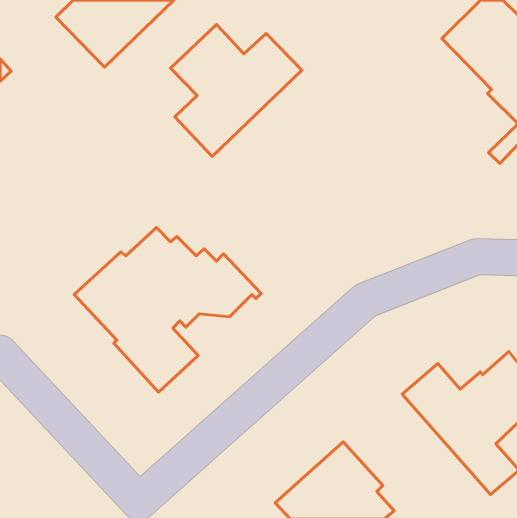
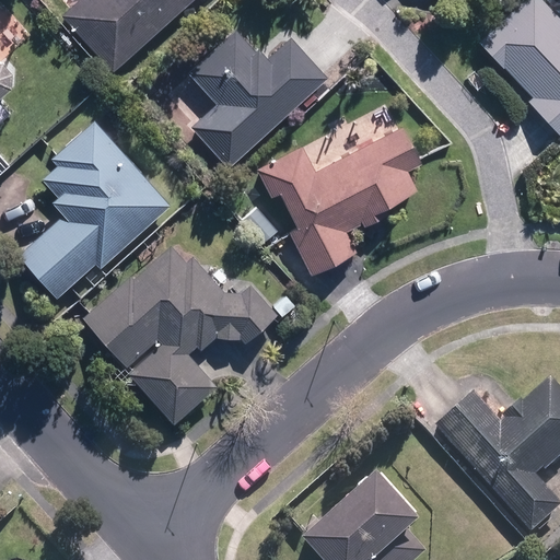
building: none -> [18,121,172,299]
building: none -> [258,126,421,277]

